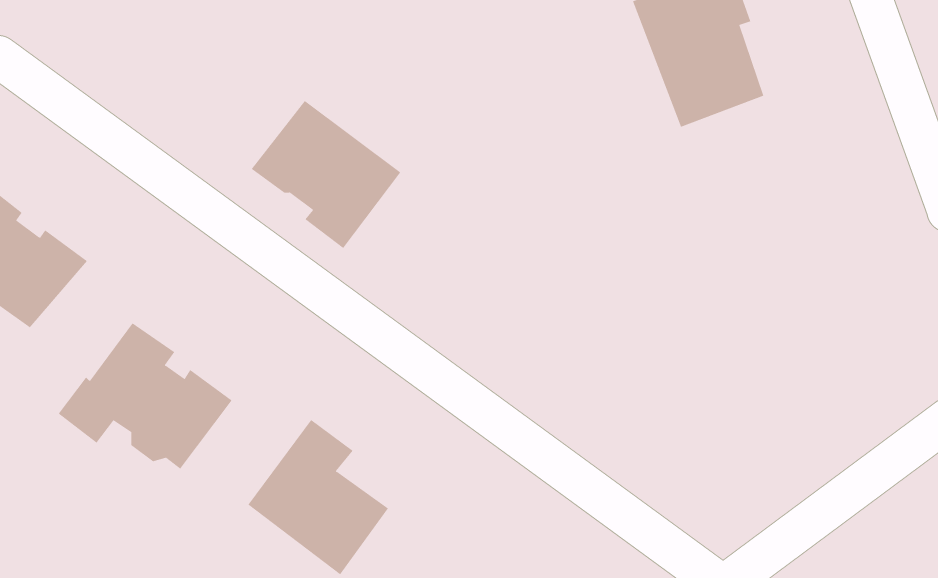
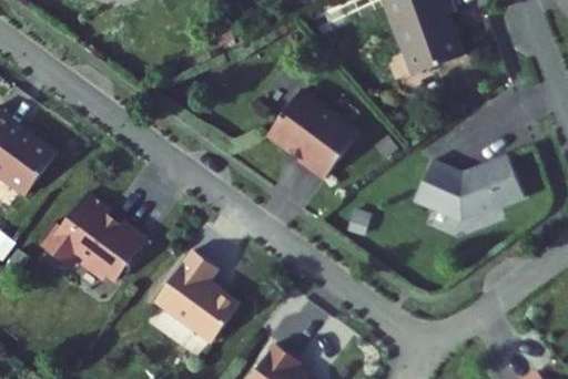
building: [251,100,401,249] -> [266,91,356,180]
building: none -> [412,156,521,222]

